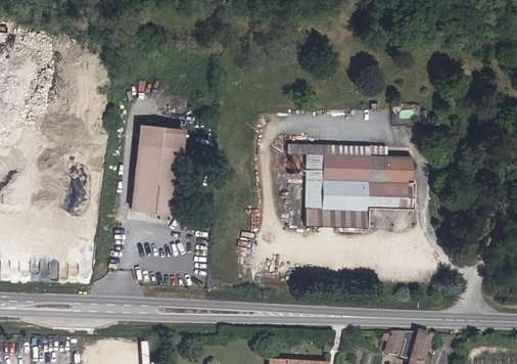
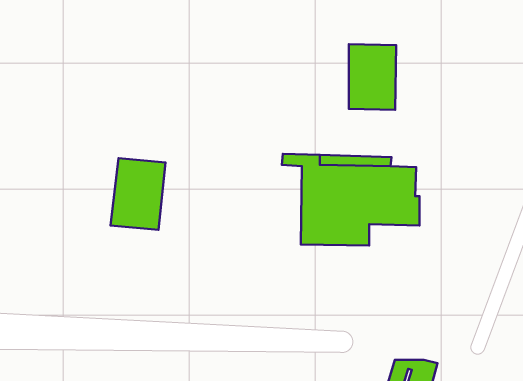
building: none -> [349,44,396,110]
building: [139,127,184,151] -> none

